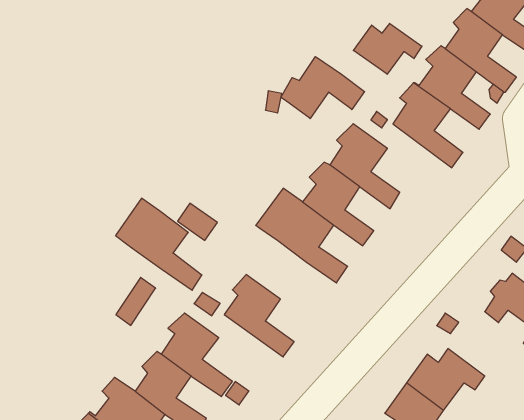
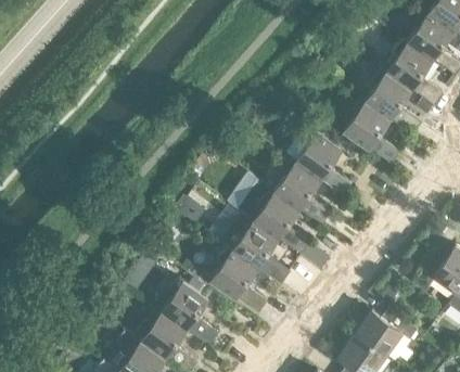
building: [353,23,422,74] -> none
building: [281,57,365,119] -> none
building: [116,198,202,290] -> [219,211,288,284]

